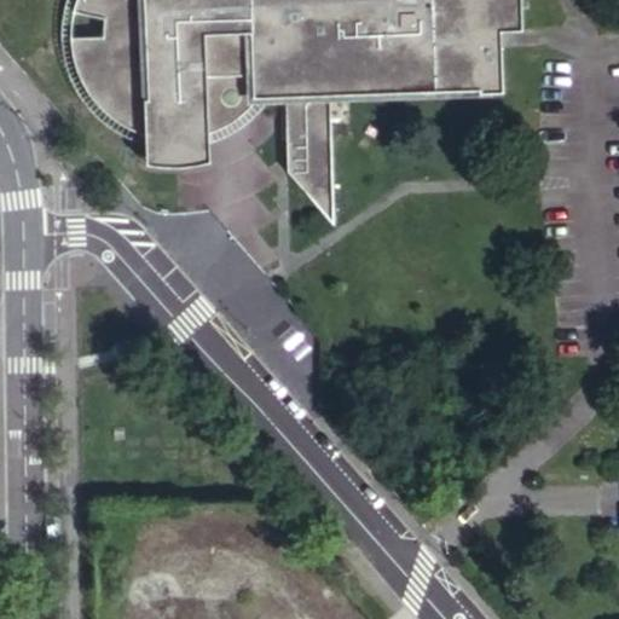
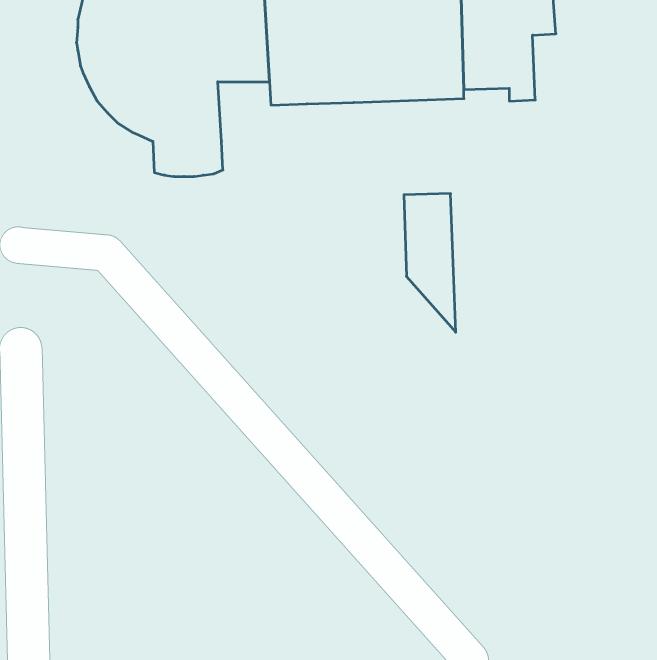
building: [203,76,253,132] -> none
building: [287,96,335,225] -> [404,194,456,332]

